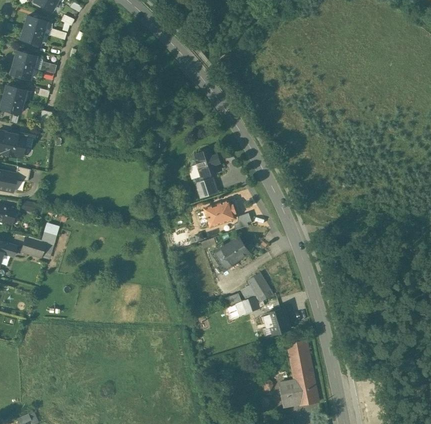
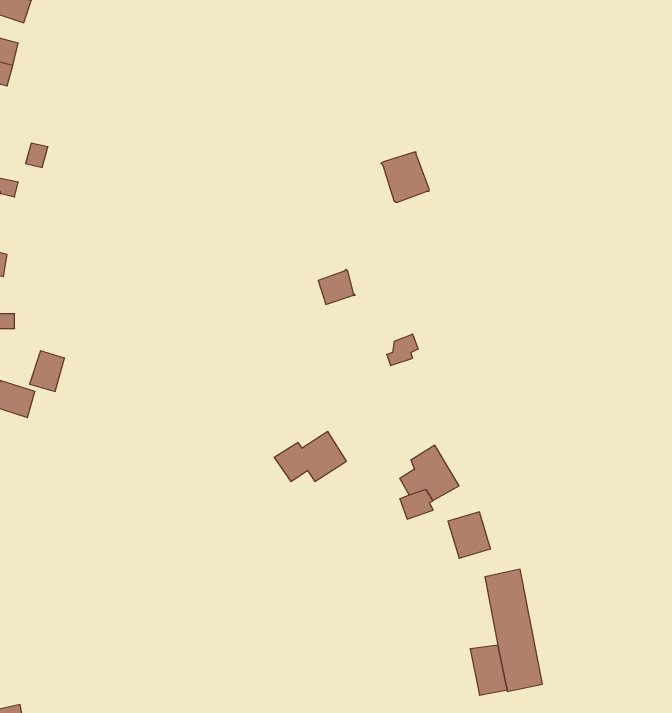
building: [194,149,220,176] -> [381,152,429,202]
building: [204,200,235,227] -> none
building: [210,237,249,264] -> [274,431,346,481]

